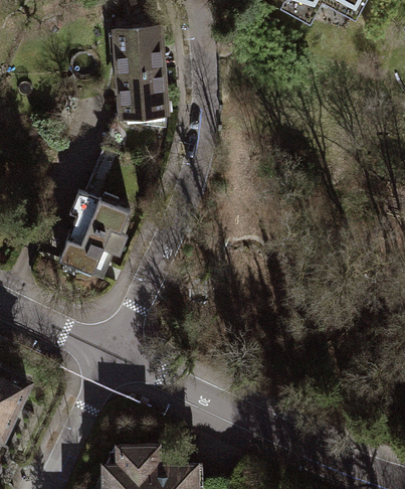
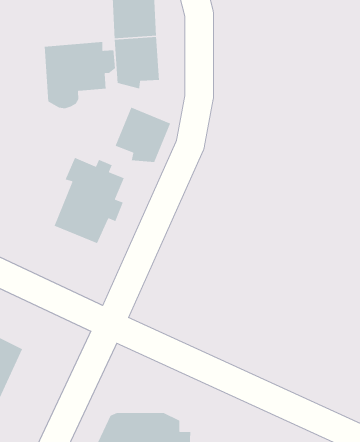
building: none -> [44,41,116,109]
building: none -> [115,107,171,163]

